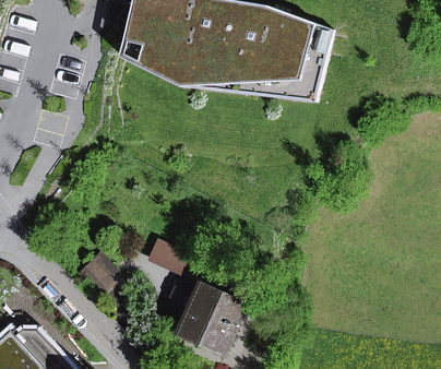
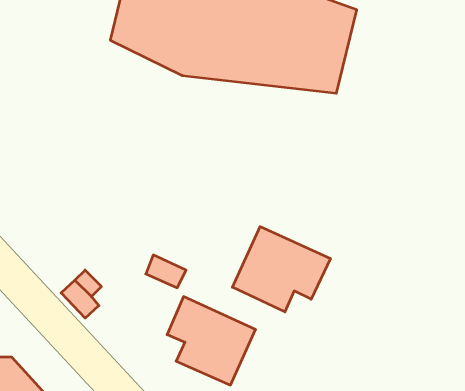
building: none -> [232,227,330,312]

